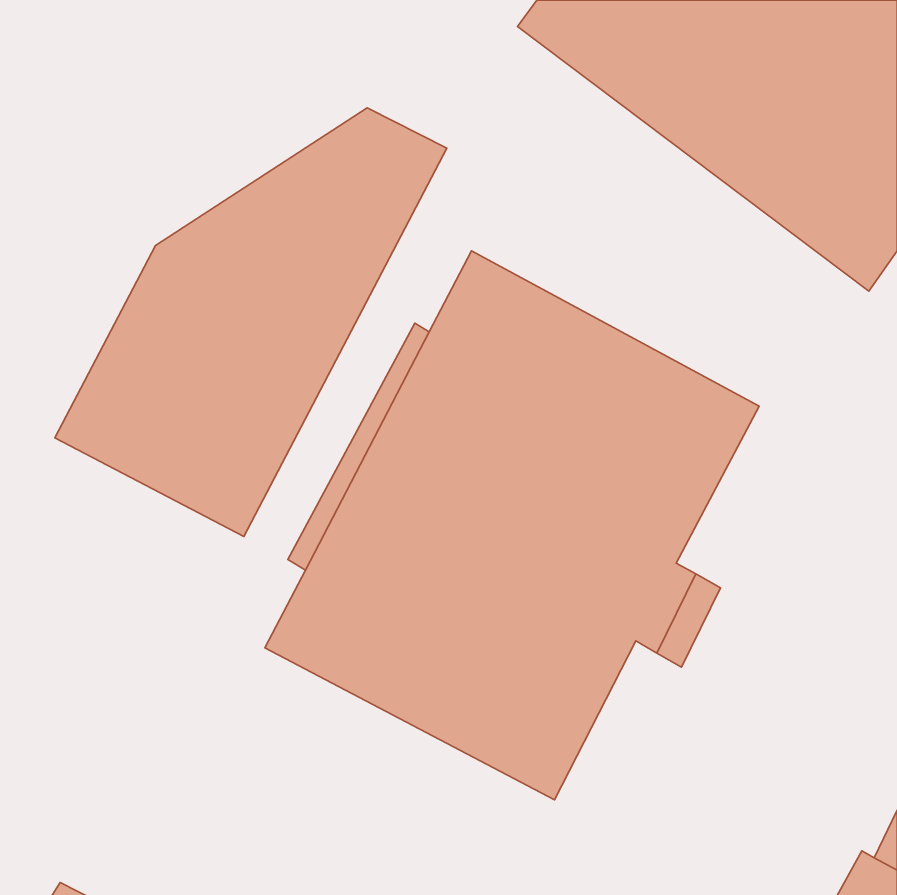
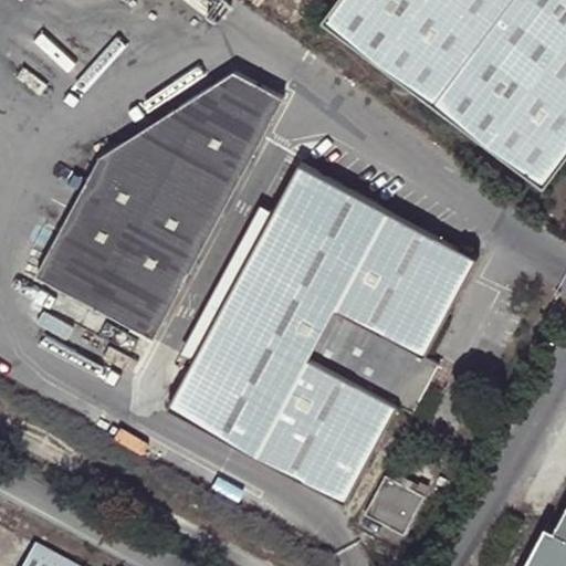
building: none -> [364,476,423,536]

